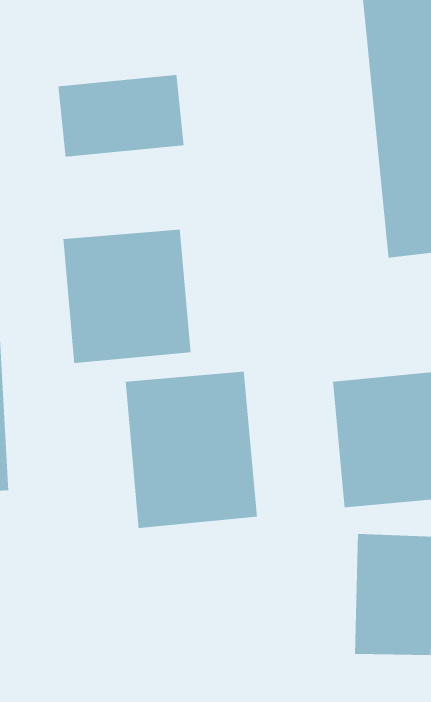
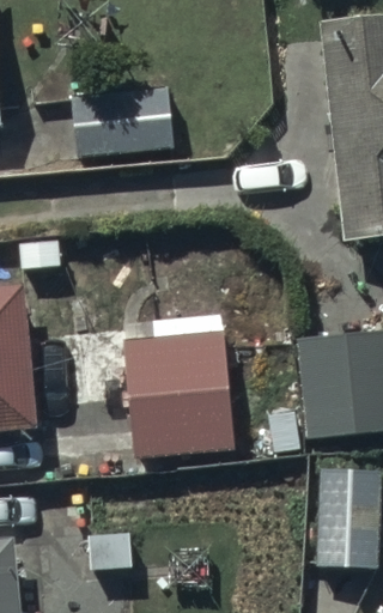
building: [62,229,191,364] -> none

